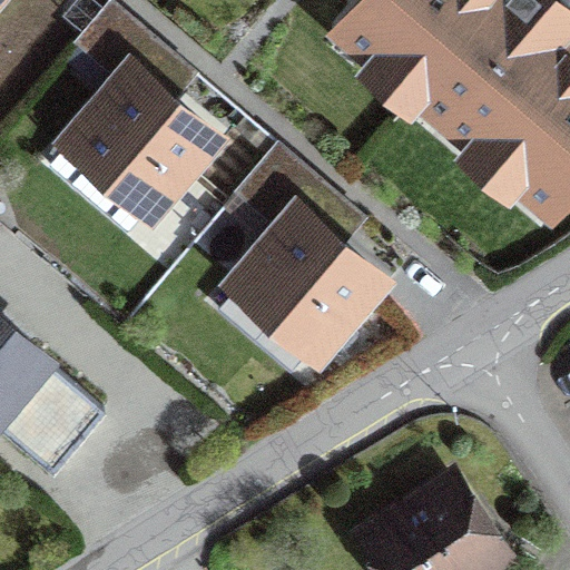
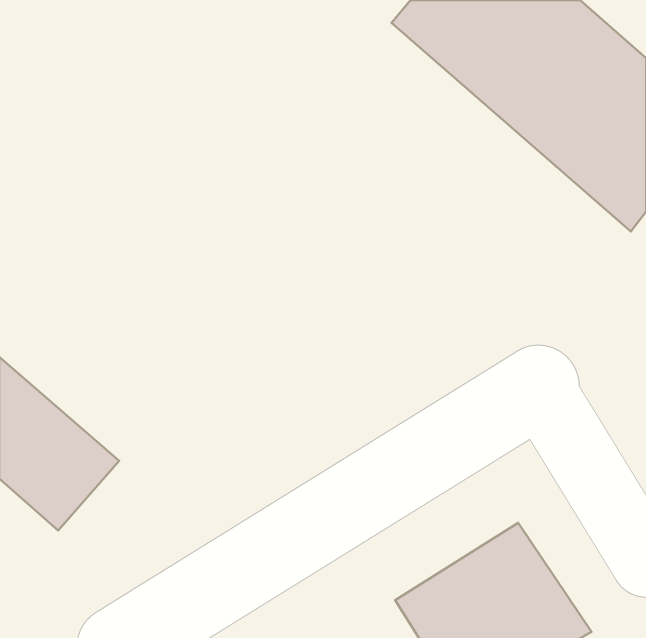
building: [66,70,207,205] -> none
building: [234,208,382,354] -> none

